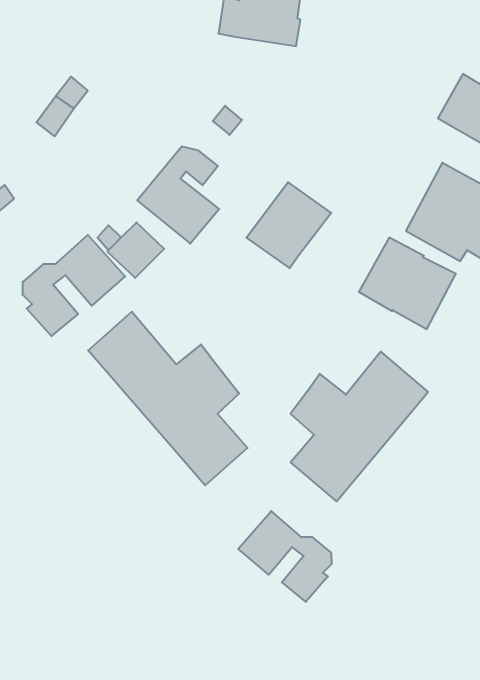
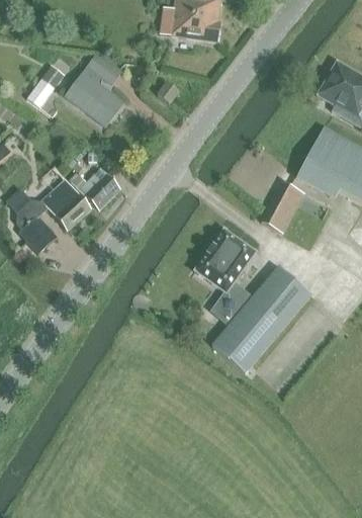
building: [137,146,219,244] -> [65,60,124,131]
building: [246,182,331,268] -> [195,227,257,289]
building: [88,312,248,485] -> none
building: [238,511,331,602] -> none

